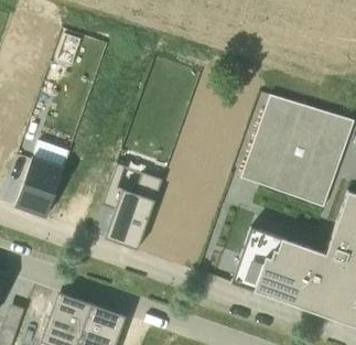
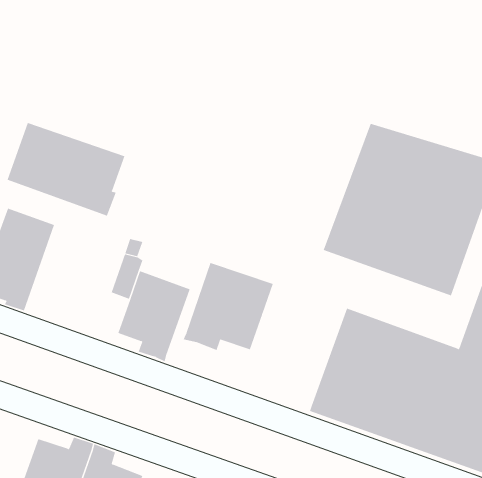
building: none -> [7,122,125,217]
building: none -> [183,262,273,351]

